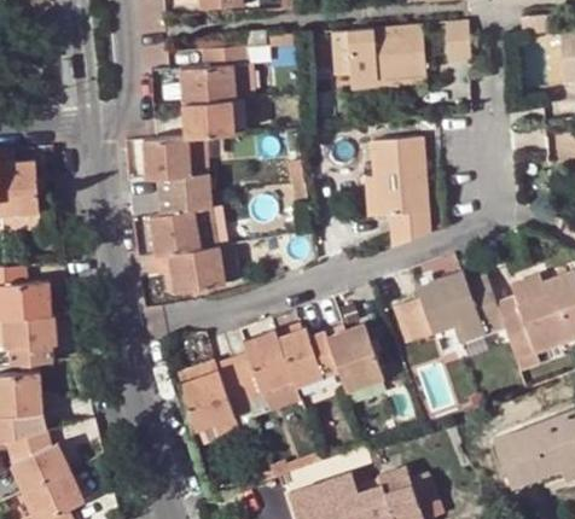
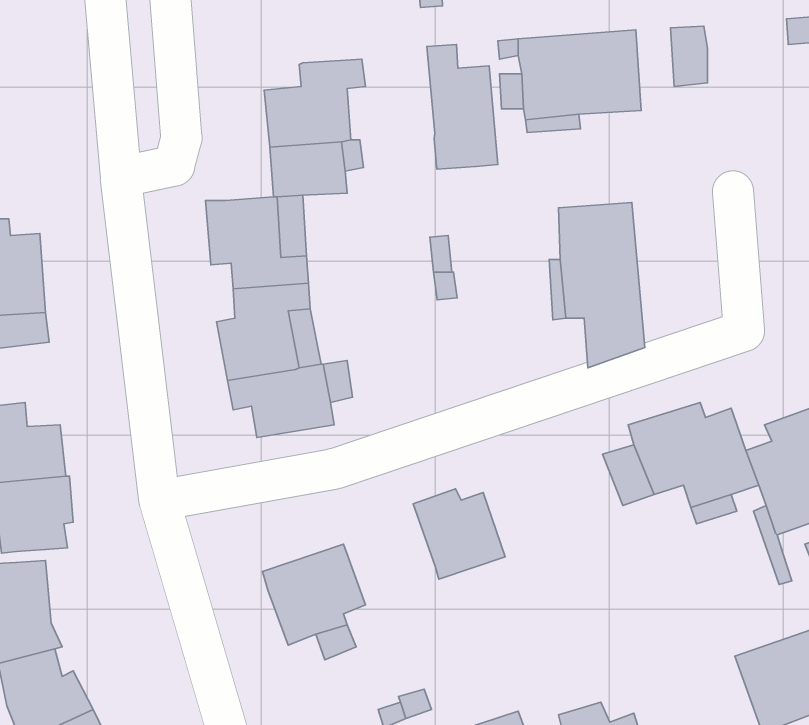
building: none -> [427,45,498,169]
building: [324,320,385,390] -> none
building: [232,330,292,403] -> none

